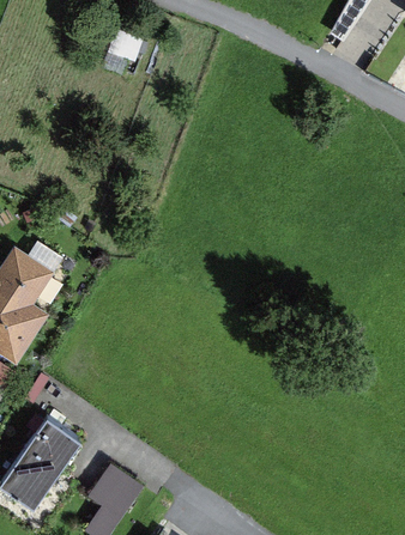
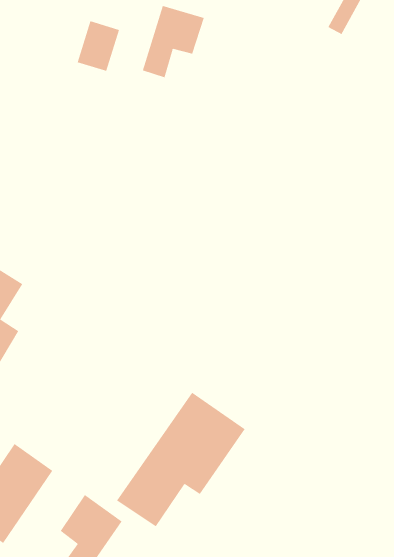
building: none -> [142,5,205,78]
building: none -> [116,392,246,527]

